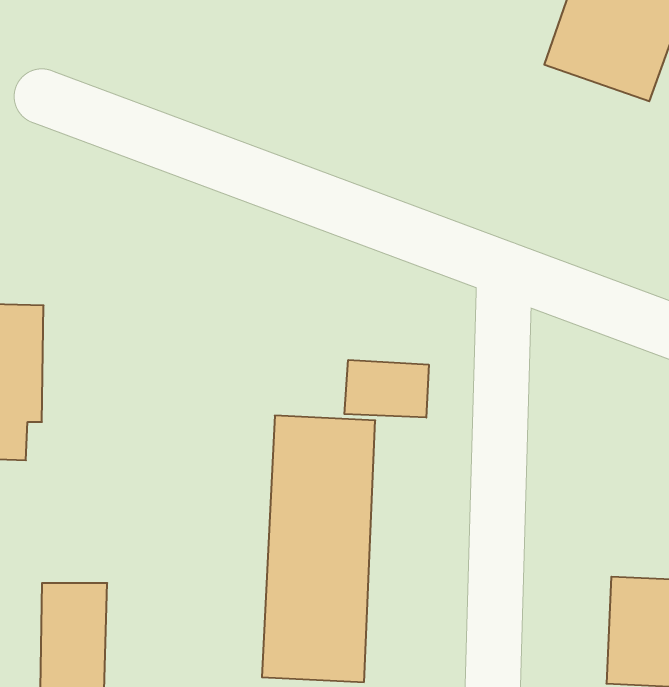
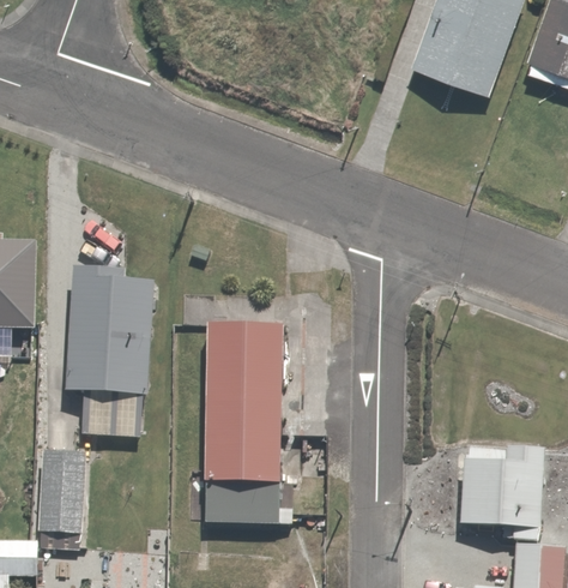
building: none -> [66,263,156,439]
building: [344,360,429,418] -> none

